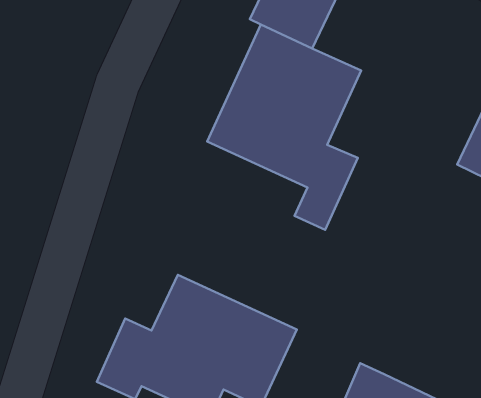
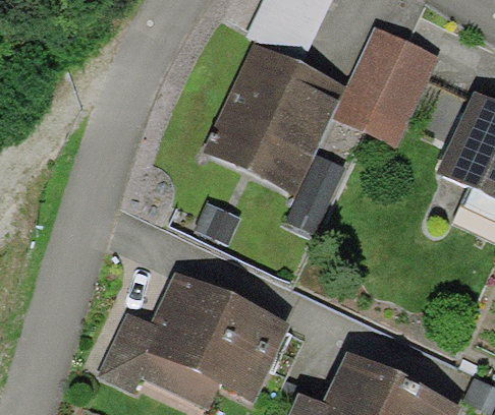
building: none -> [335,29,434,142]

